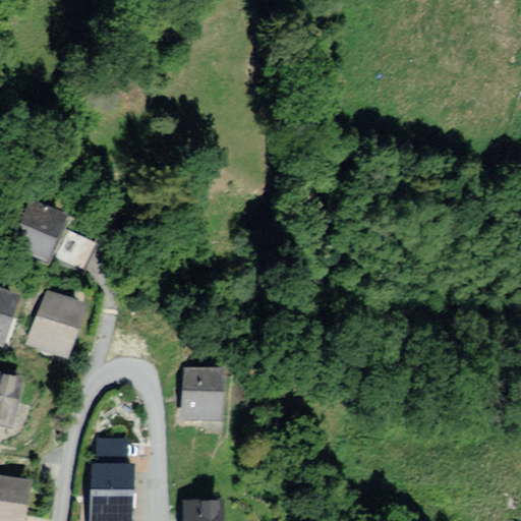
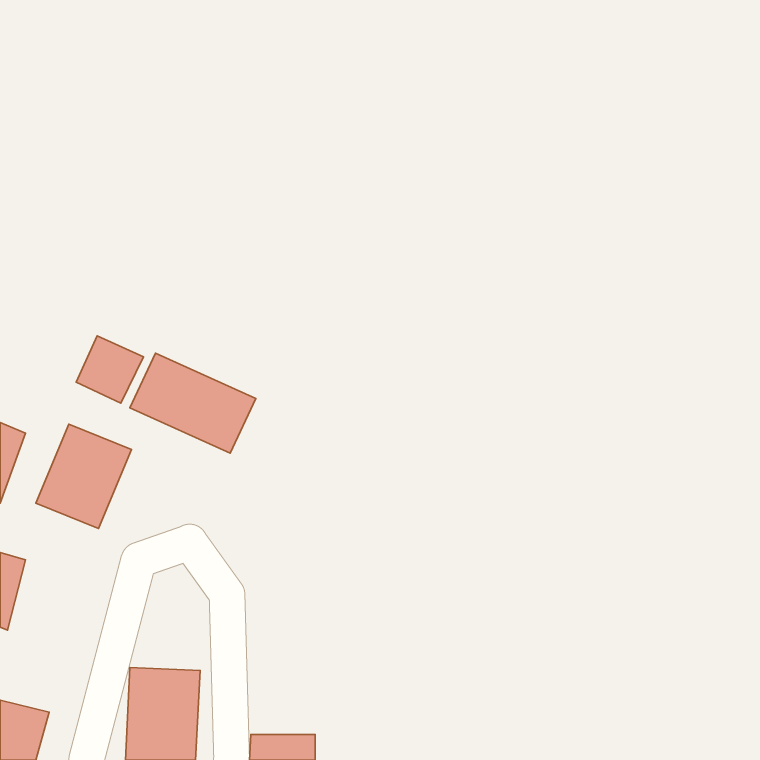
building: [10,199,67,260] -> none
building: none -> [130,353,256,453]
building: [174,365,219,425] -> none

